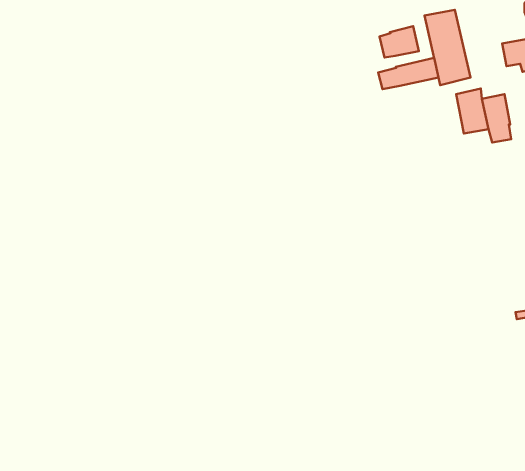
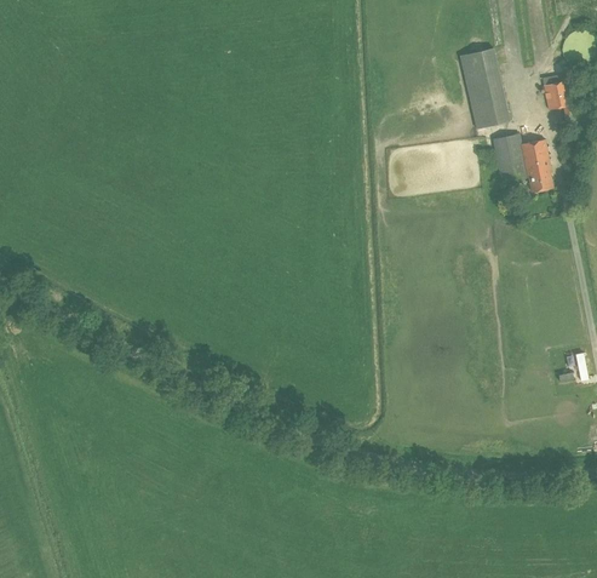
building: [379,26,419,57] -> none
building: [378,58,439,89] -> none

